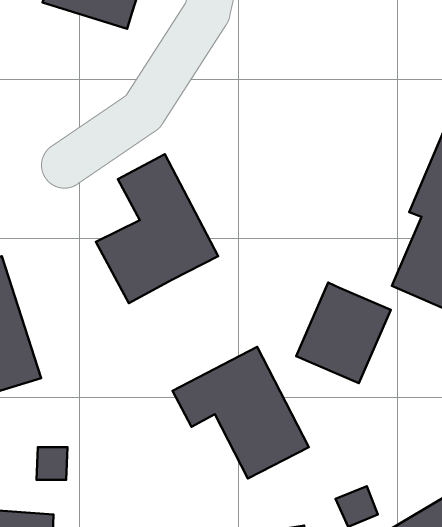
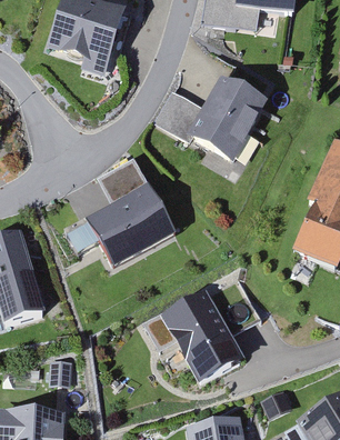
building: none -> [151,68,276,162]
building: [296,283,391,383] -> none

